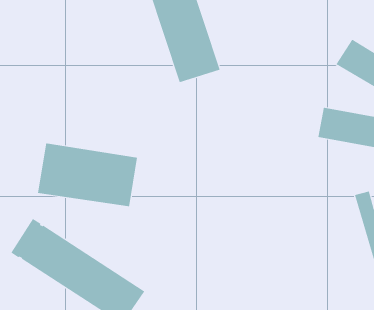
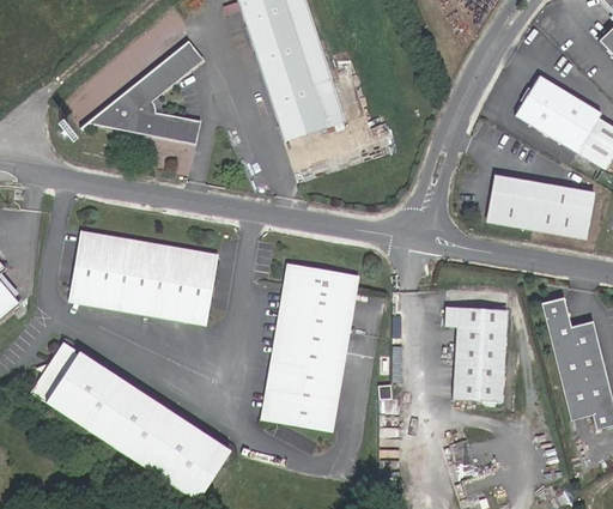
building: none -> [84,43,199,141]
building: none -> [263,261,360,430]
building: none -> [447,307,506,401]

